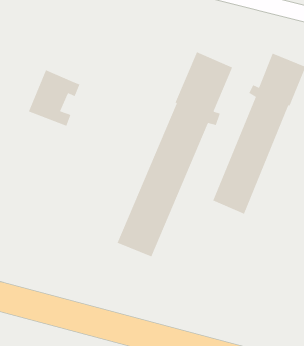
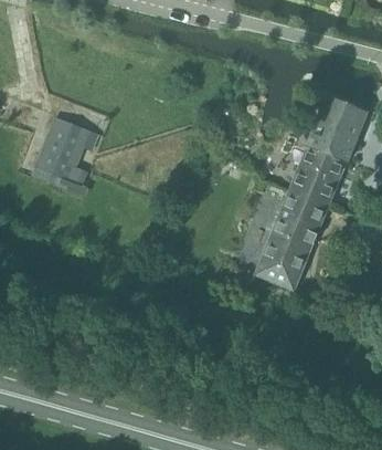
building: [117,51,233,257] -> none

